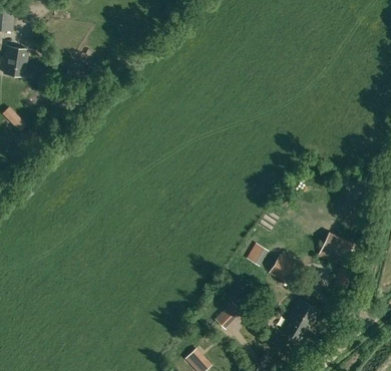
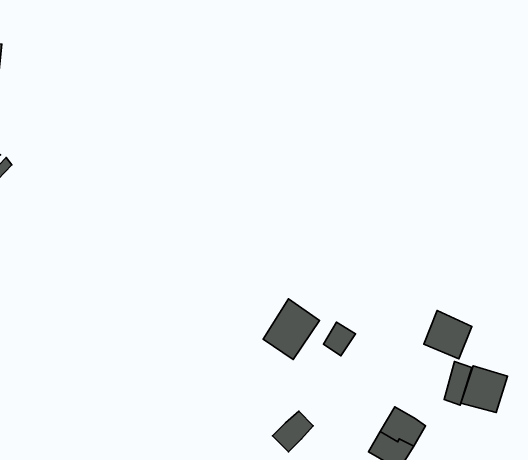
building: none -> [263,299,319,360]
building: [269,255,300,284] -> none
building: none -> [461,366,507,413]

